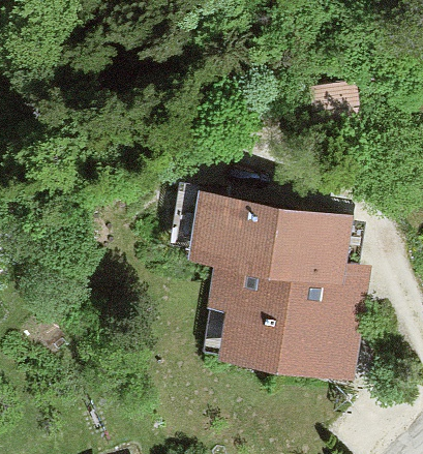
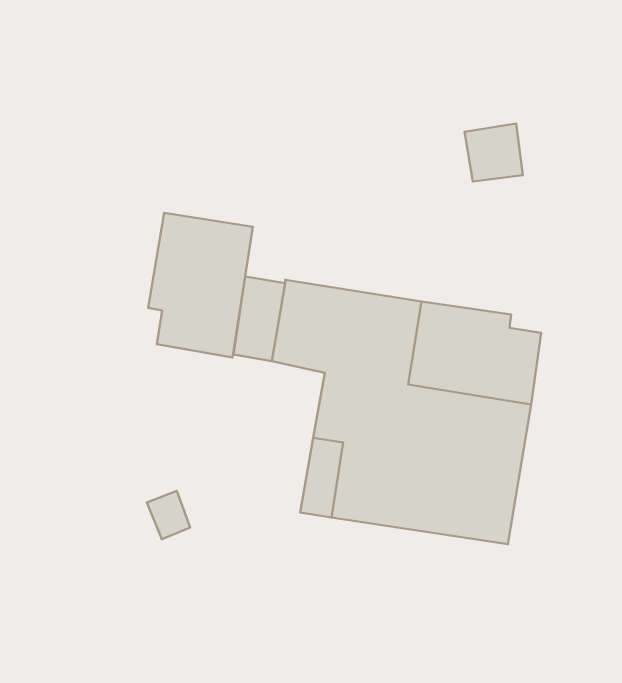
building: none -> [148,213,253,358]

